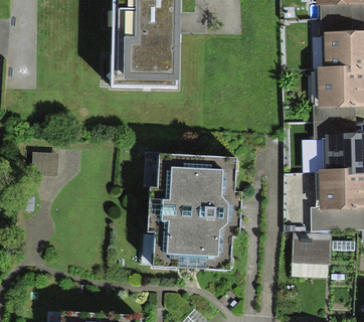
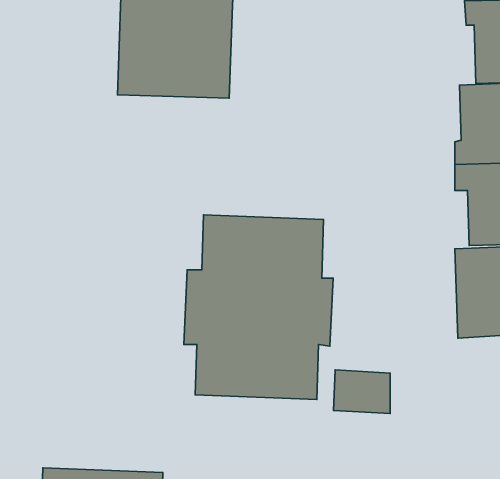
building: [294,238,329,266] -> [333,370,390,414]

